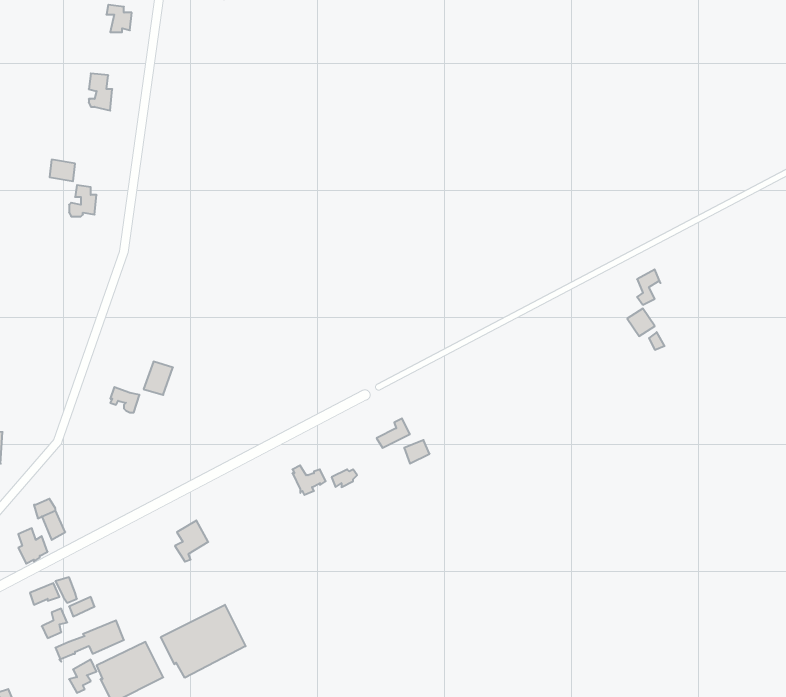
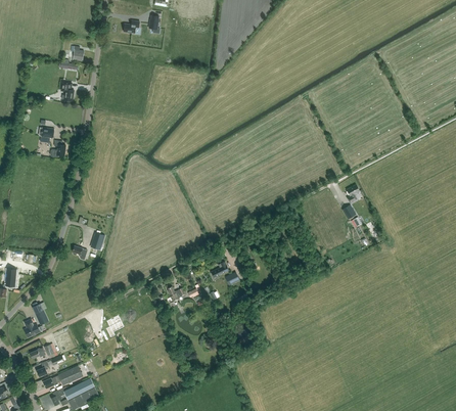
building: [161,605,246,678] -> none

